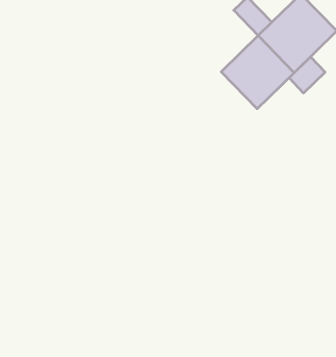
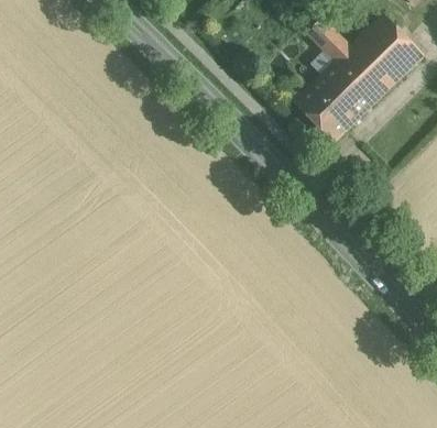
building: [289,57,325,93] -> none

